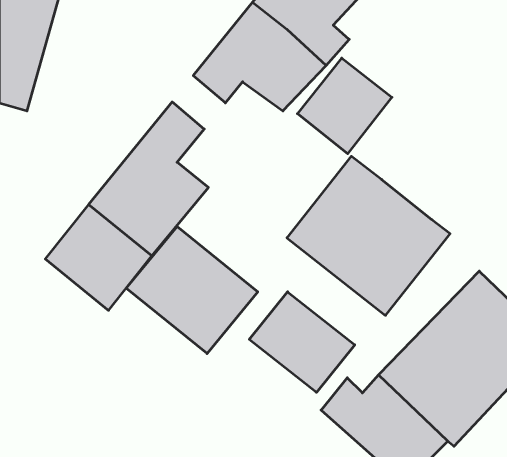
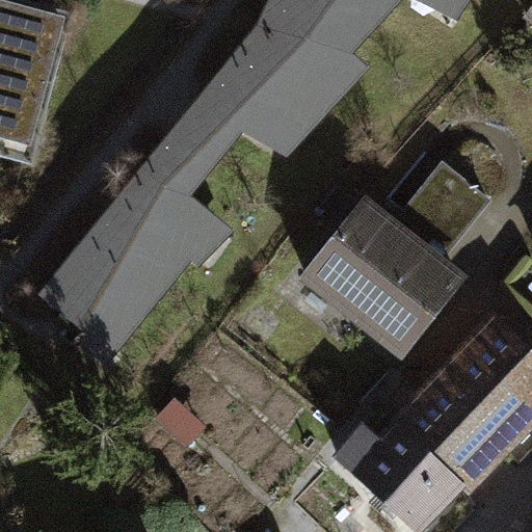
building: [297,58,392,154] -> [395,158,493,257]
building: [126,227,258,354] -> none
building: [249,292,355,392] -> none

